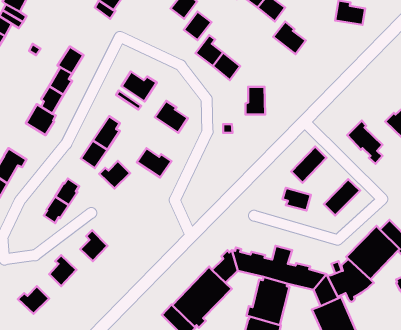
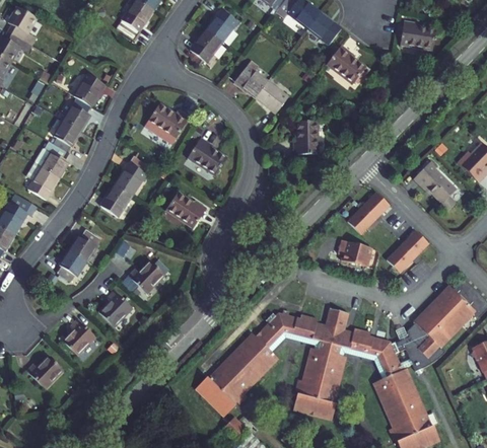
building: [184,12,211,40] -> [190,28,222,62]
building: none -> [26,162,59,200]
building: [99,161,130,189] -> [128,259,164,292]

